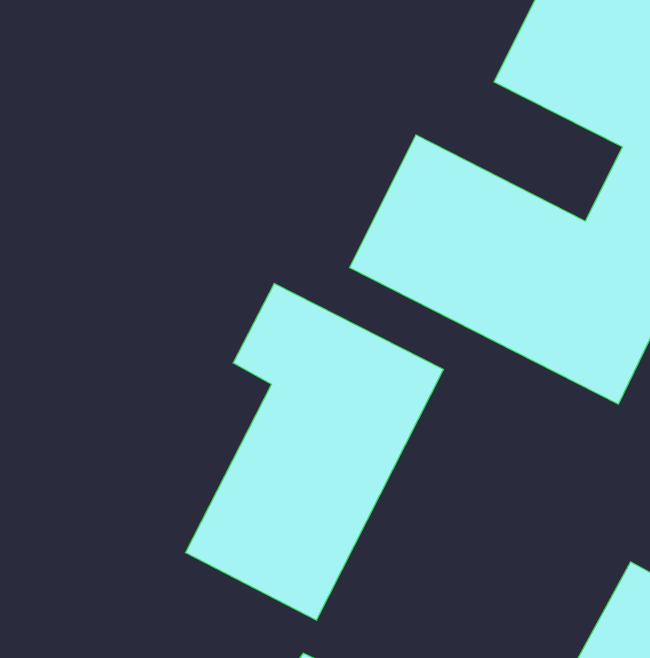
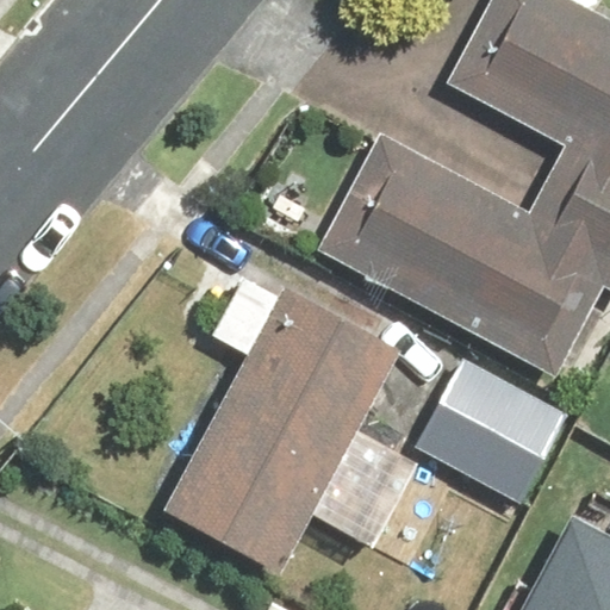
building: none -> [416,346,575,504]

